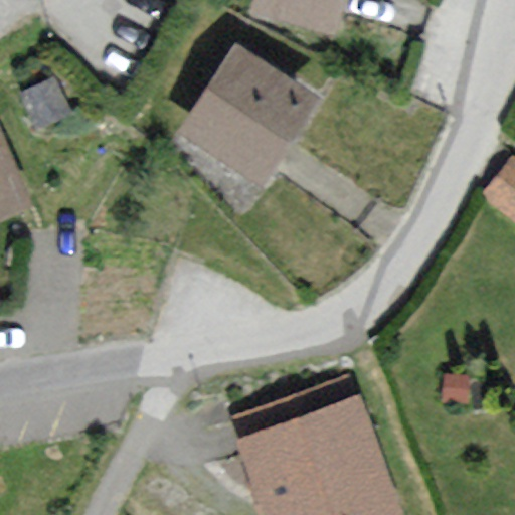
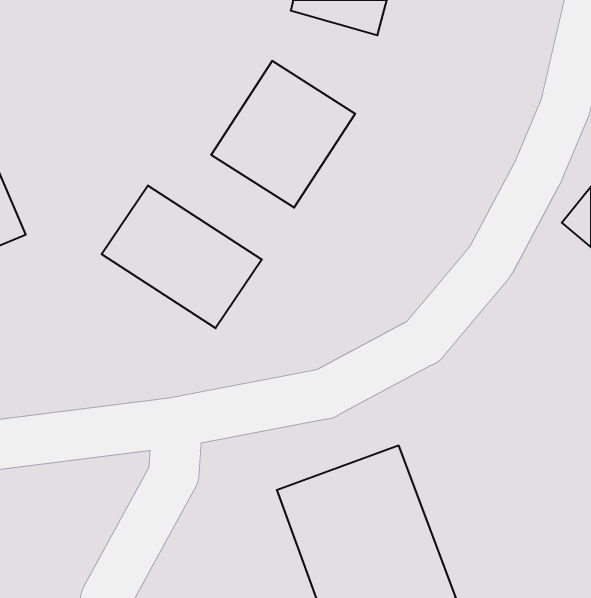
building: none -> [102,185,262,328]

